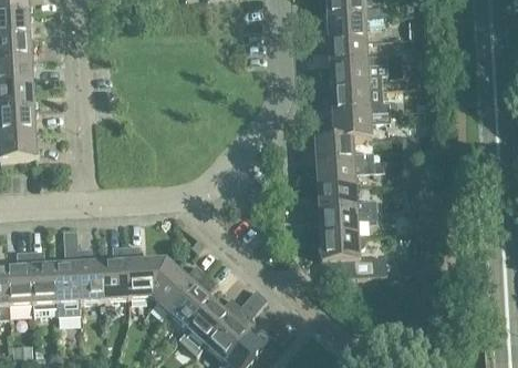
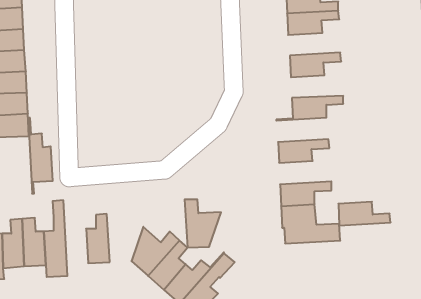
building: [328,40,386,65] -> none
building: [331,88,390,113] -> none
building: [314,135,373,163] -> none
building: [318,184,376,211] -> [338,202,391,225]
building: [75,228,103,314] -> [28,118,53,194]
building: [124,244,165,298] -> [185,199,221,248]

